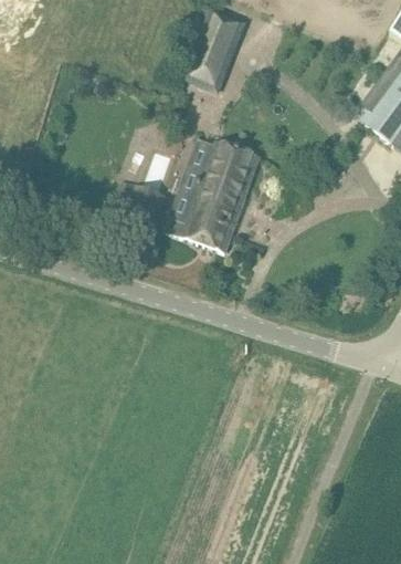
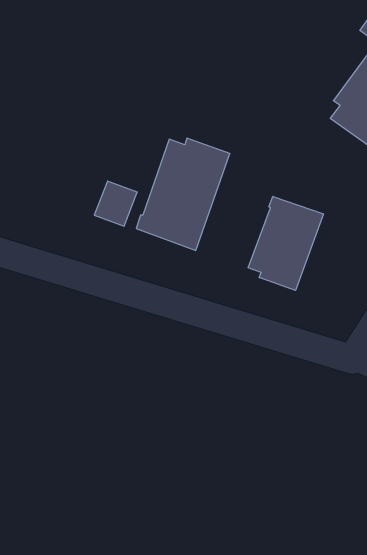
building: [183,8,245,92] -> none
building: none -> [248,196,323,290]

